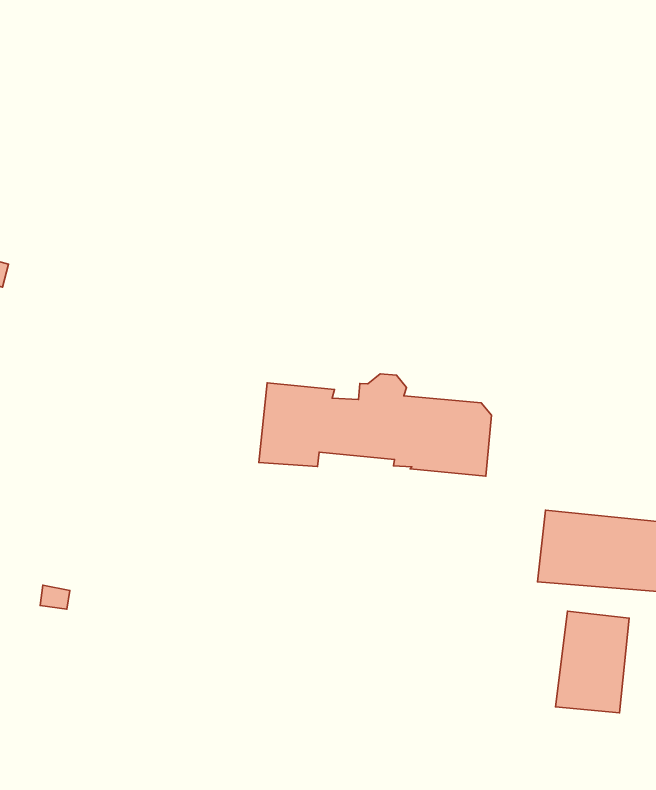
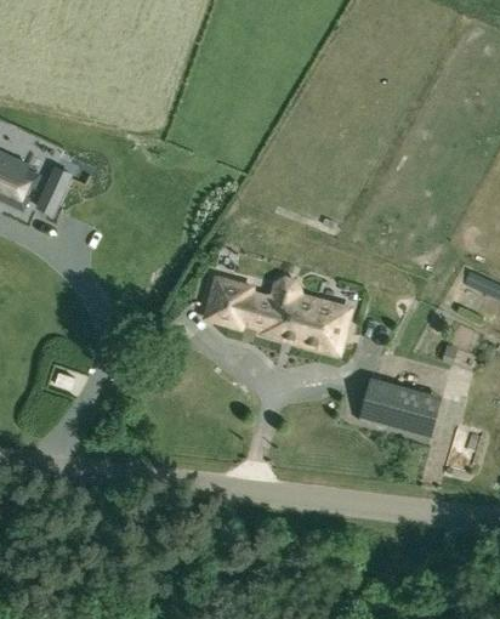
building: [556,611,629,713] -> none

